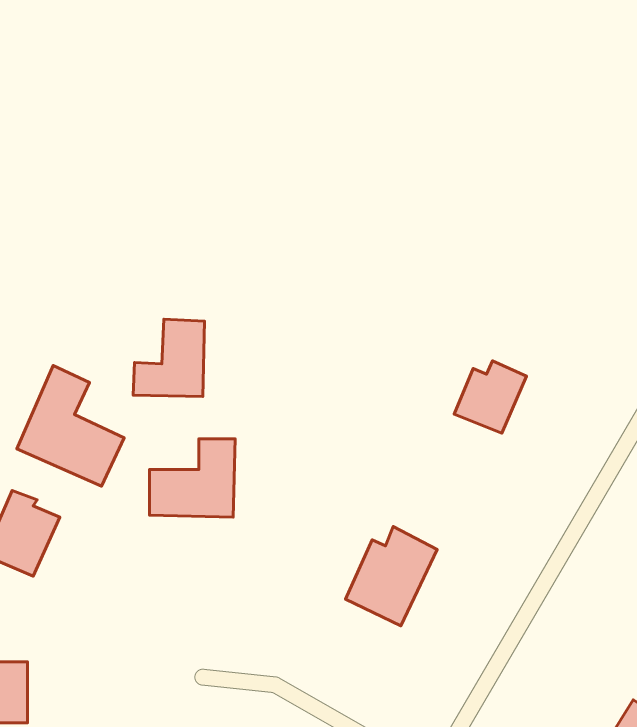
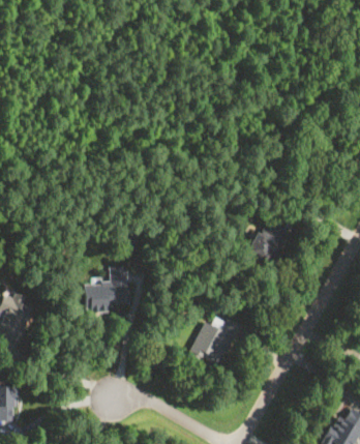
building: [133,319,205,397] -> none
building: [17,365,124,486] -> none

